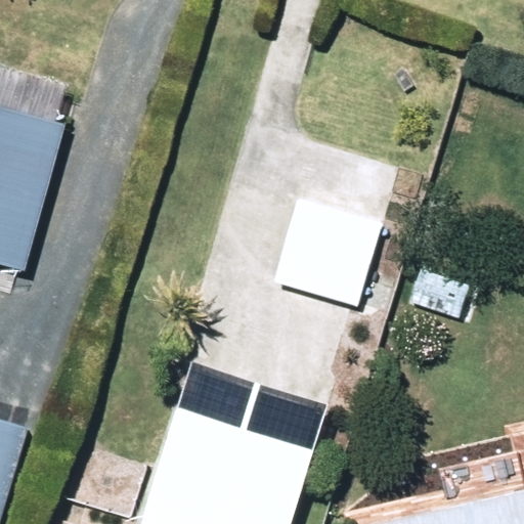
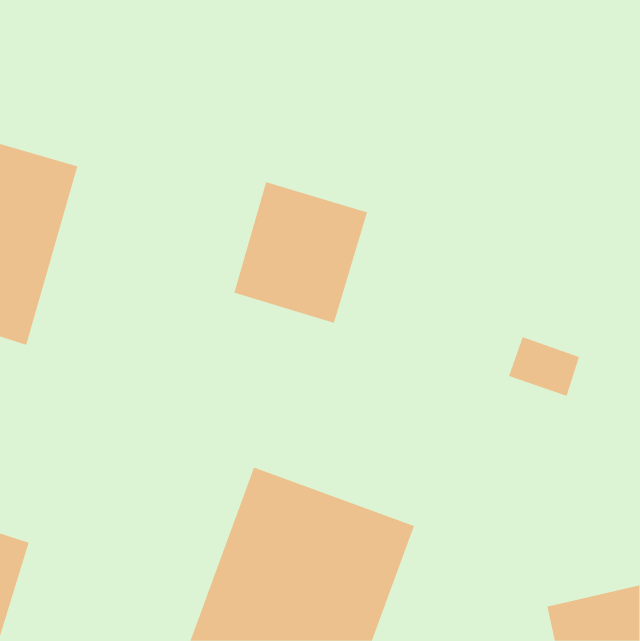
building: [271,195,379,309] -> [233,182,368,324]

